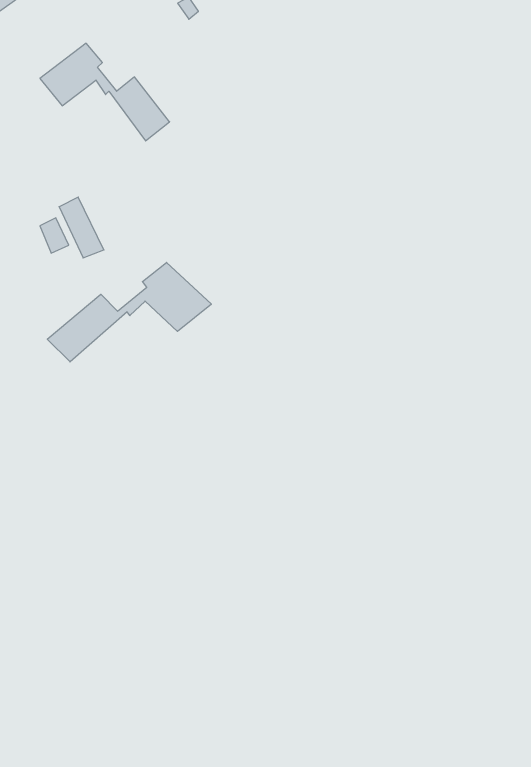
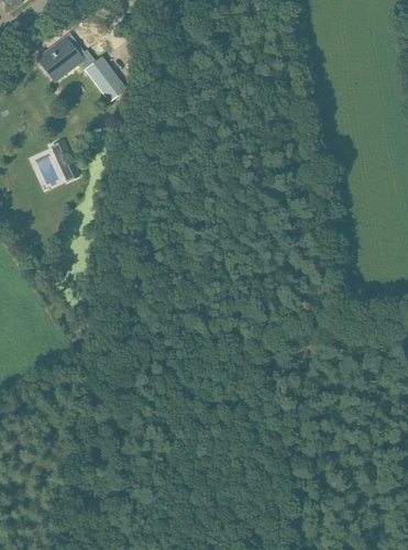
building: [47,262,211,362] -> none

